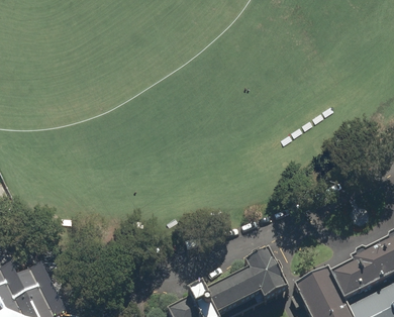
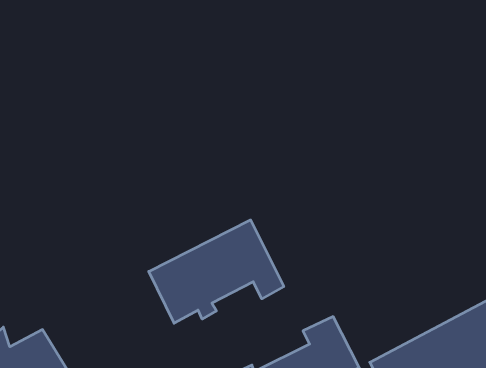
building: none -> [149,220,284,323]

